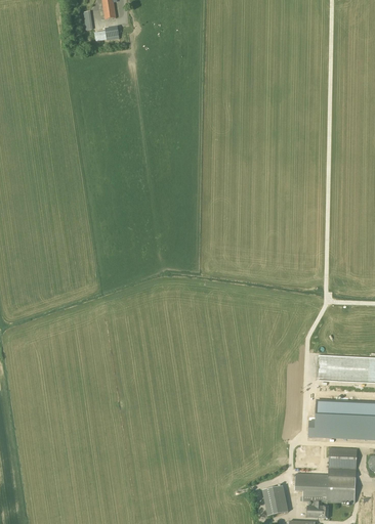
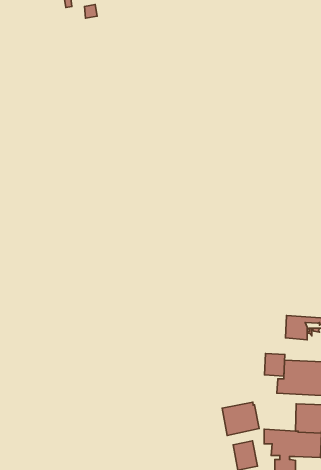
building: none -> [265,353,285,376]
building: none -> [222,402,259,436]

